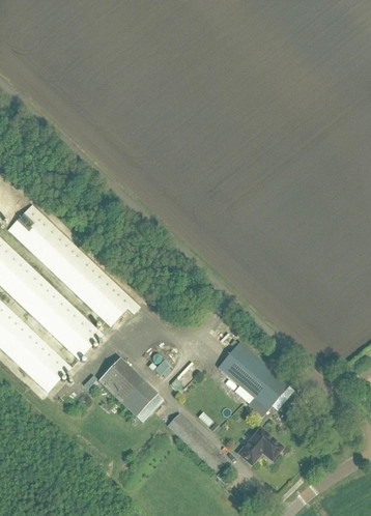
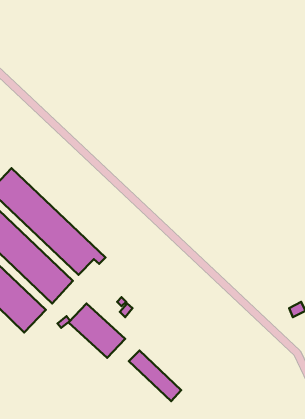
building: [218,342,289,410] -> none
building: [238,428,282,464] -> none

